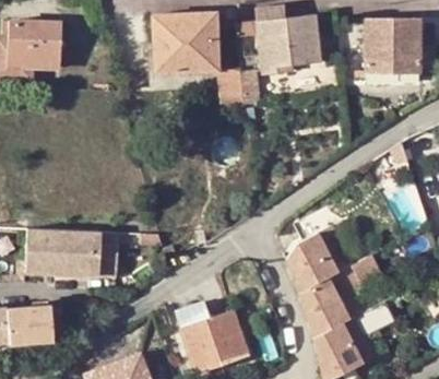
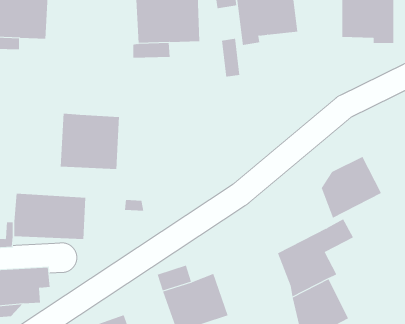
building: [220,69,246,114] -> none
building: none -> [60,113,119,170]
building: [287,226,351,291] -> [321,156,382,218]

